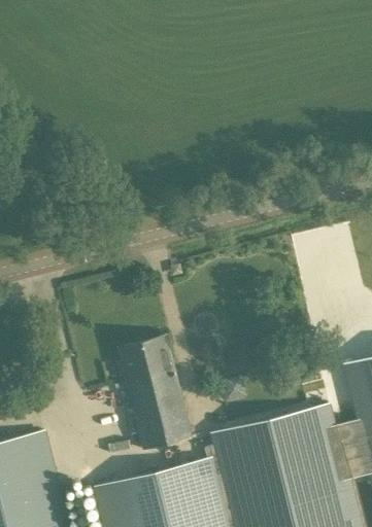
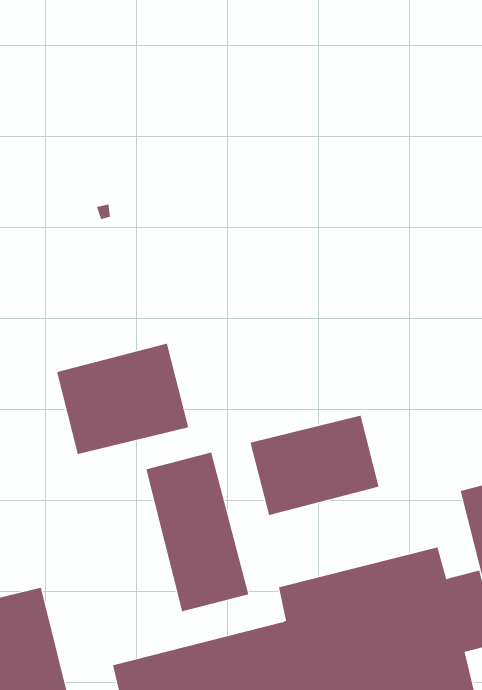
building: none -> [57,343,189,455]
building: none -> [250,415,379,516]

